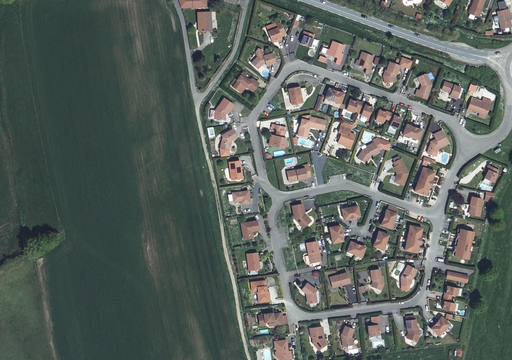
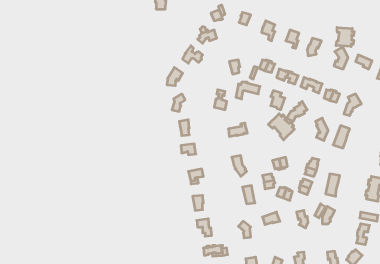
building: none -> [336,27,354,47]
building: none -> [268,114,294,140]

